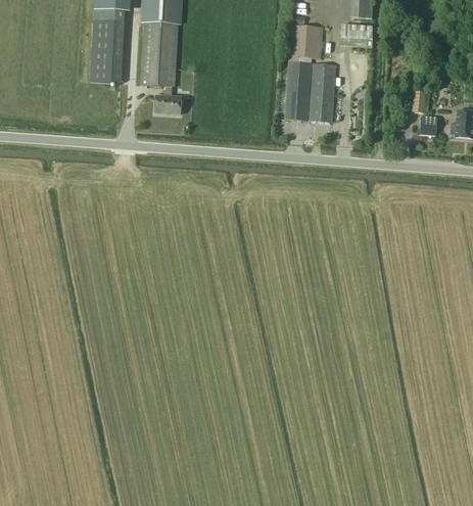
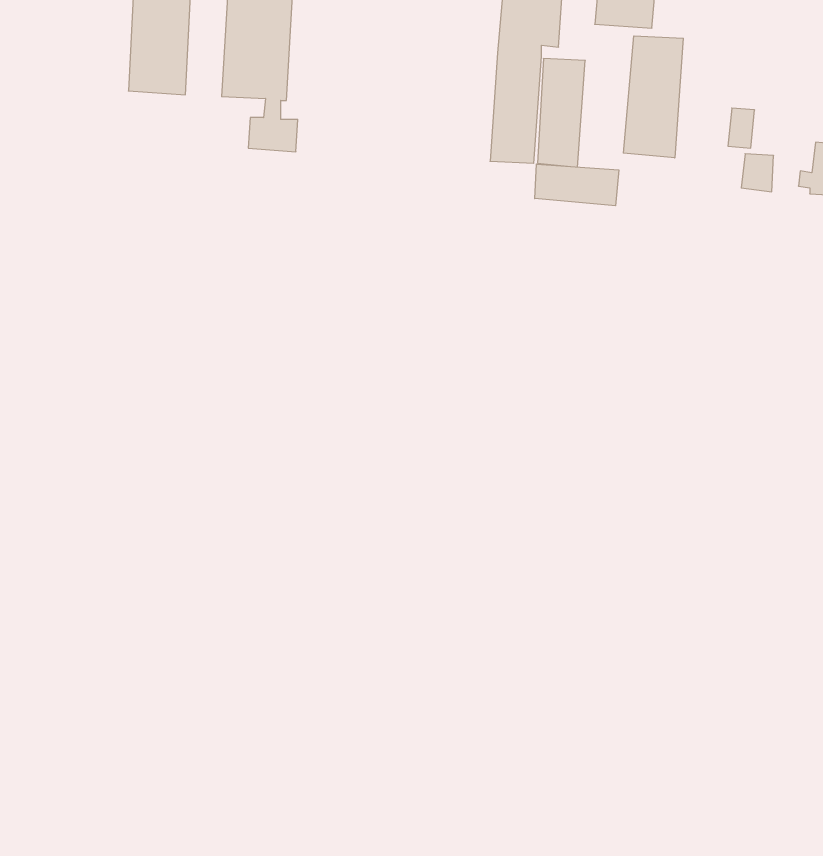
building: none -> [623,36,683,158]
building: none -> [535,164,619,206]

